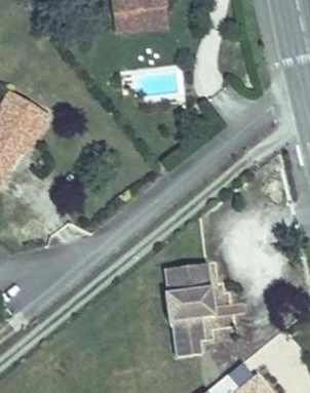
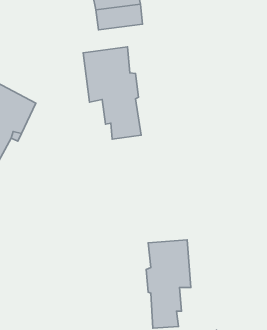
building: none -> [83,47,141,139]

